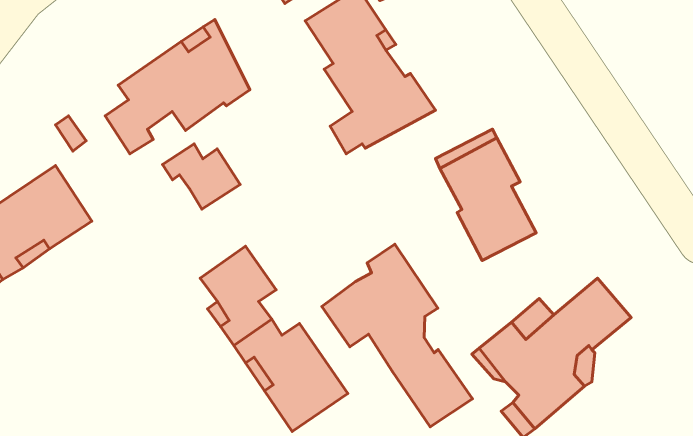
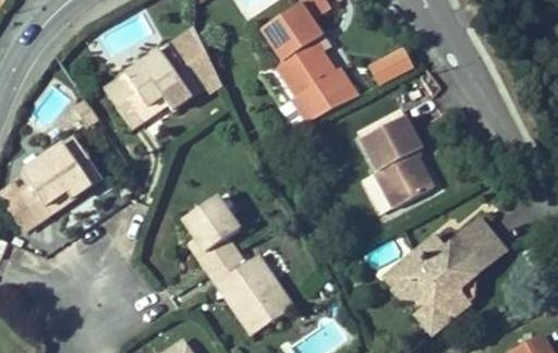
building: none -> [368,46,414,82]
building: [162,144,240,209] -> none
building: [322,244,473,427] -> none

